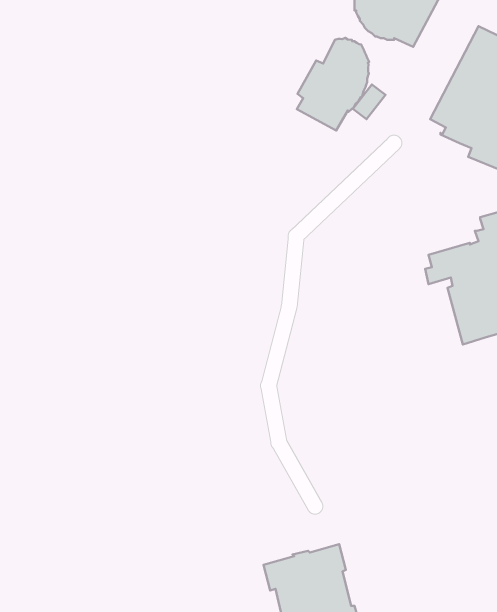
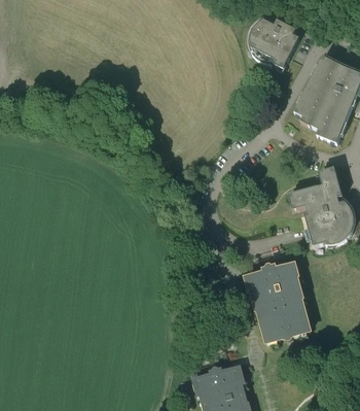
building: [297,38,369,130] -> none
building: none -> [245,263,310,342]

